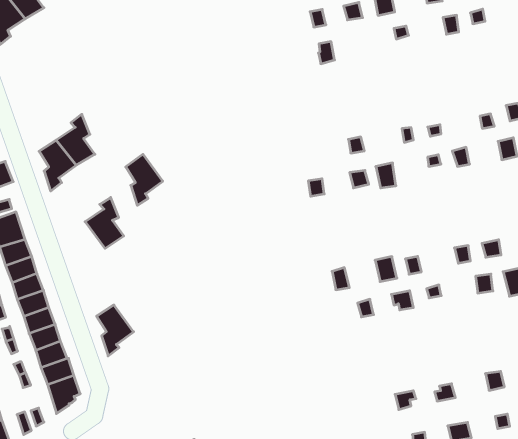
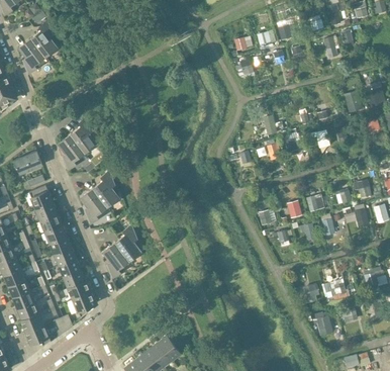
building: [126,154,163,205] -> [80,189,105,223]
building: none -> [113,225,139,261]

